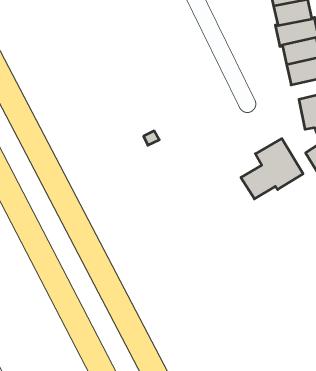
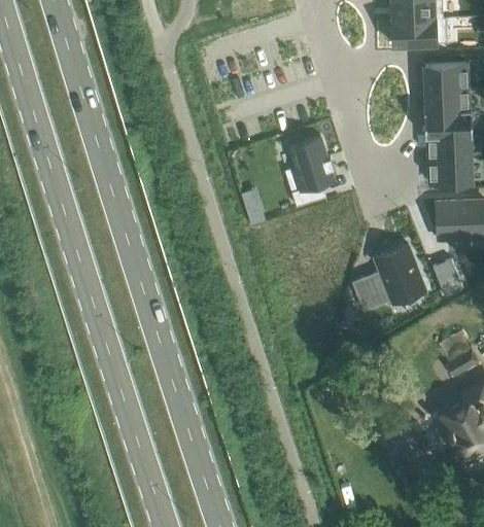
building: none -> [288,135,334,204]

